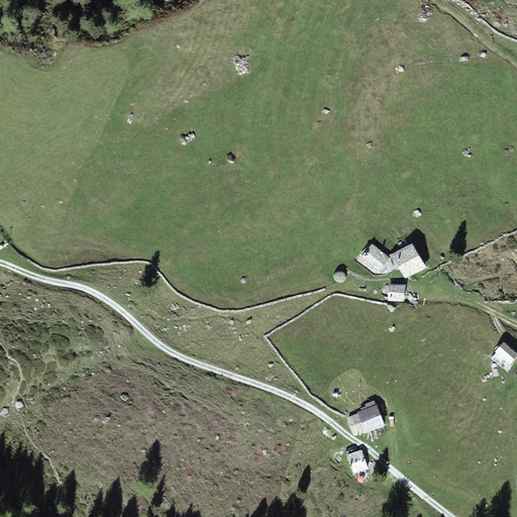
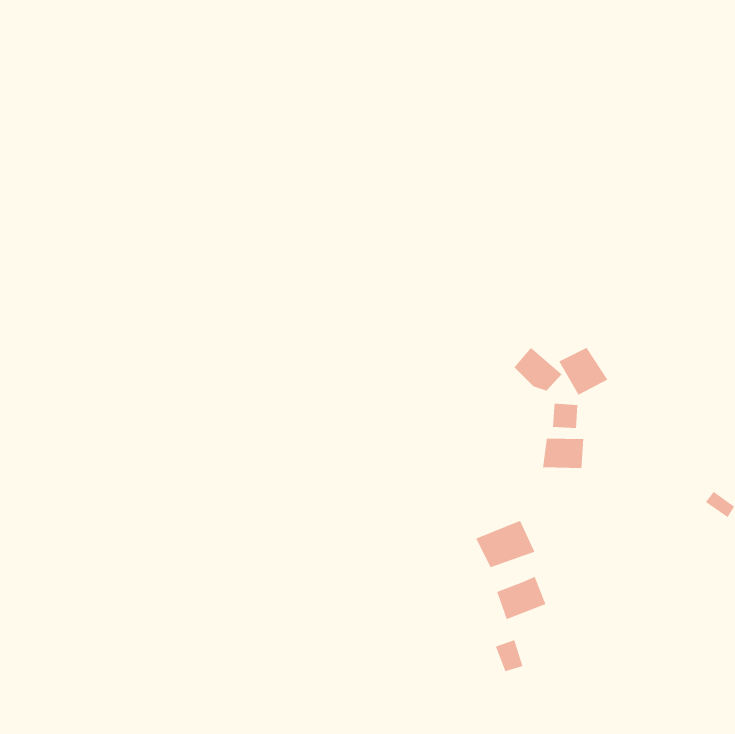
building: none -> [542,438,584,469]
building: none -> [475,520,536,568]

